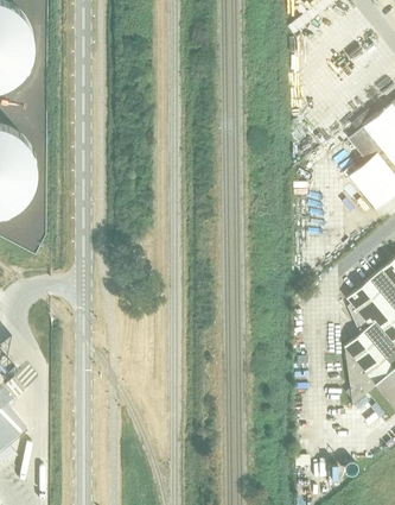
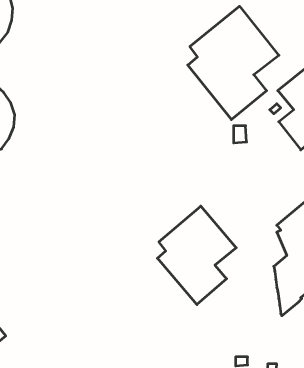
building: none -> [188,6,279,120]
building: none -> [157,206,236,305]

